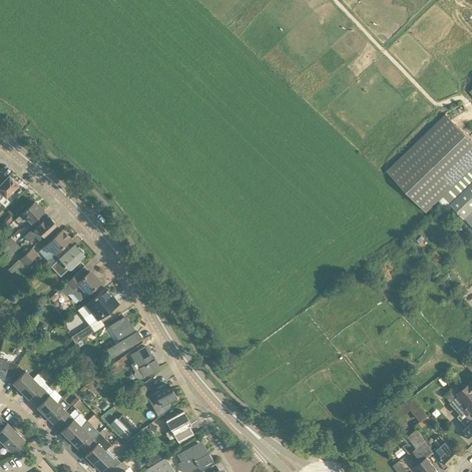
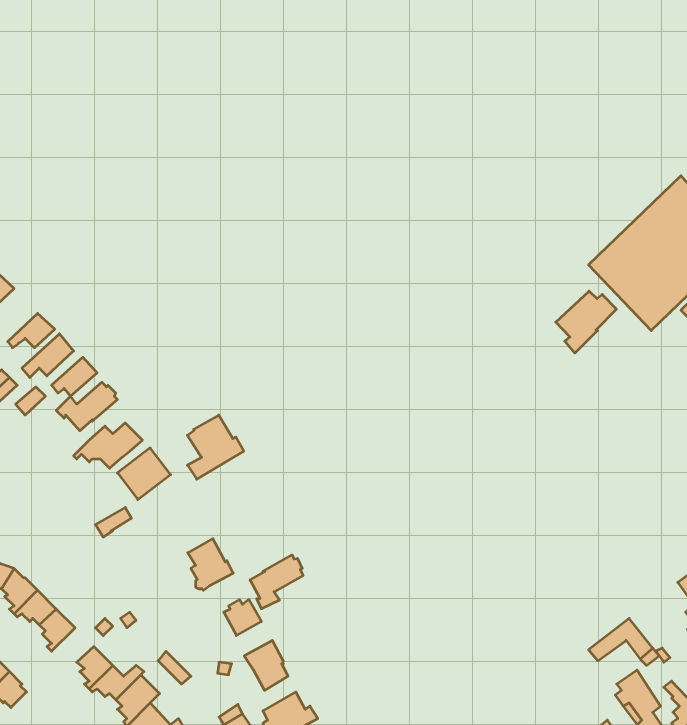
building: none -> [556,291,616,353]
building: [105,319,141,360] -> [187,415,244,479]
building: none -> [250,555,303,609]
building: [42,399,69,426] -> none

